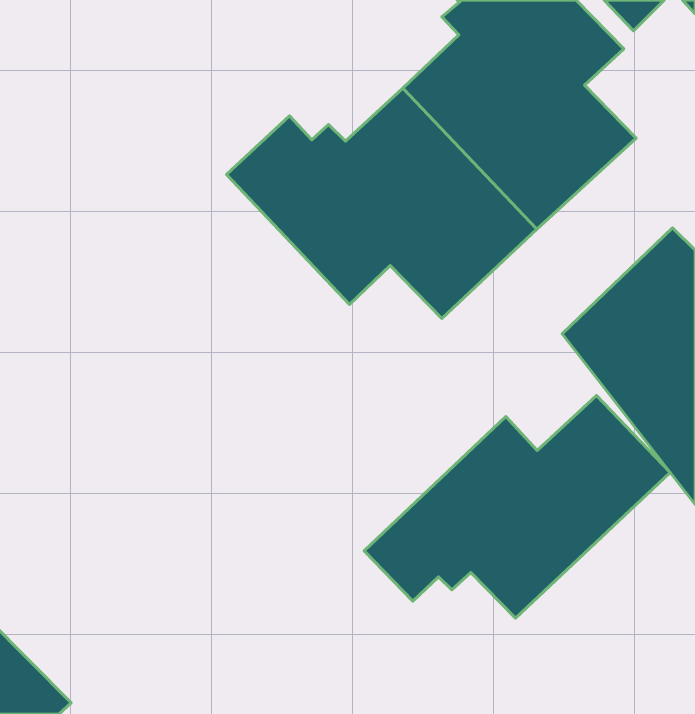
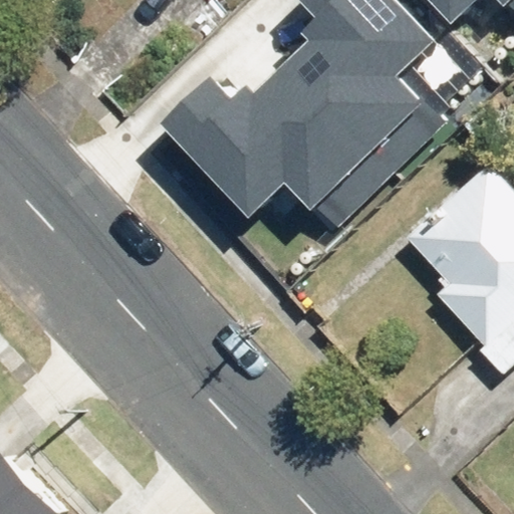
building: [364,395,670,618] -> none

